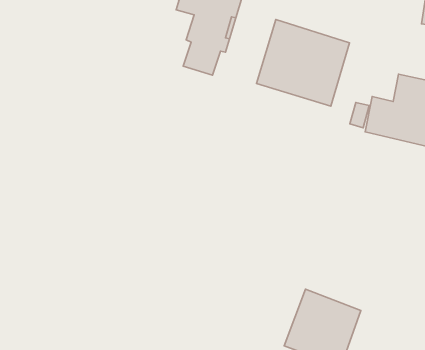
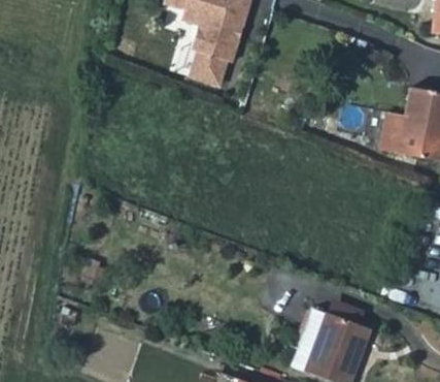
building: [256,20,350,106] -> none

